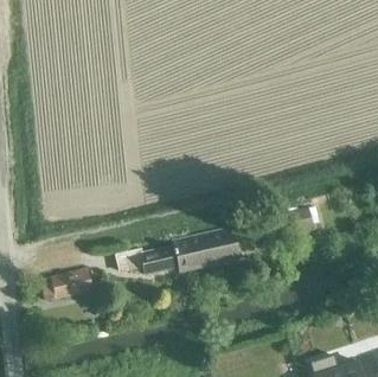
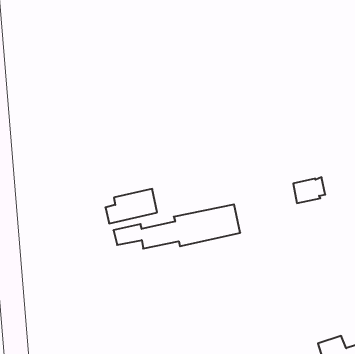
building: [43,267,92,300] -> [105,189,157,223]

